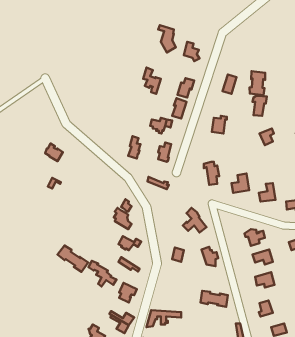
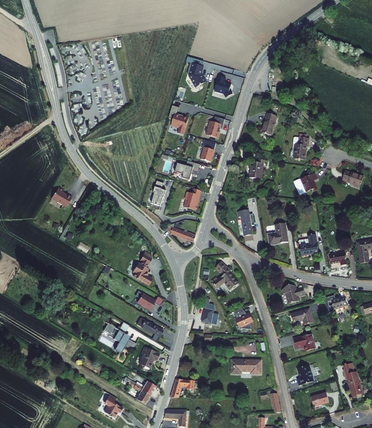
building: [250,71,265,95] -> none
building: [58,245,88,272] -> none

